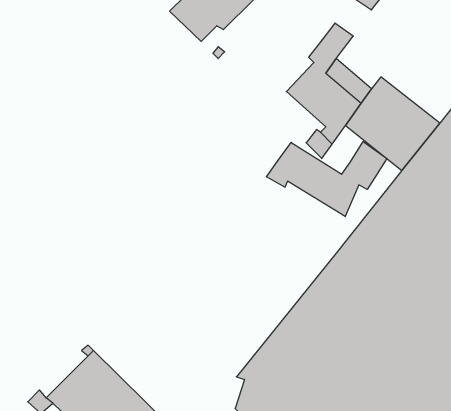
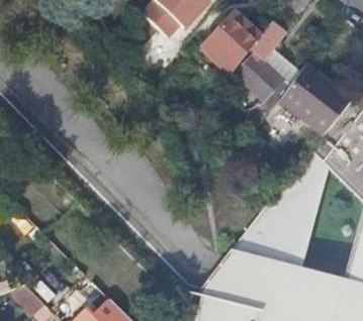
building: none -> [206,11,262,73]
building: [266,142,387,217] -> none

